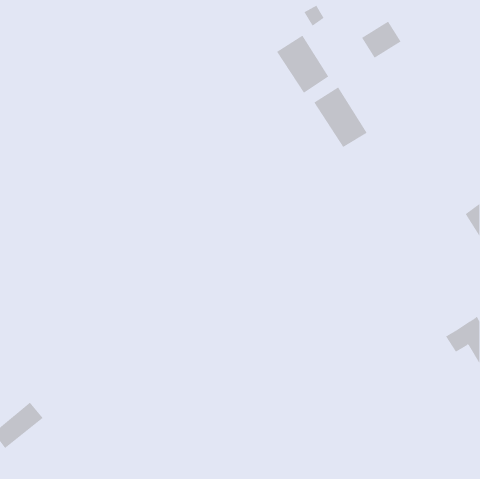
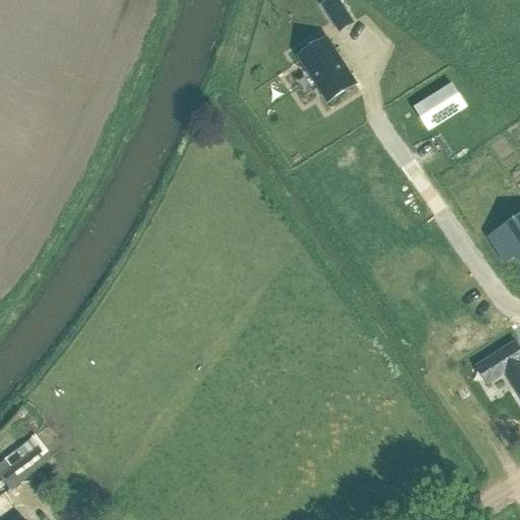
building: [361,21,402,58] -> [421,83,465,124]
building: [313,86,367,148] -> none

